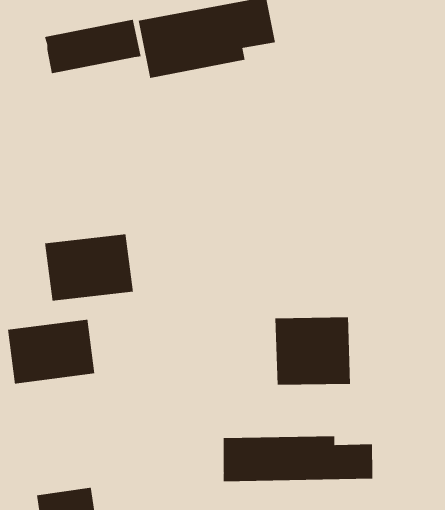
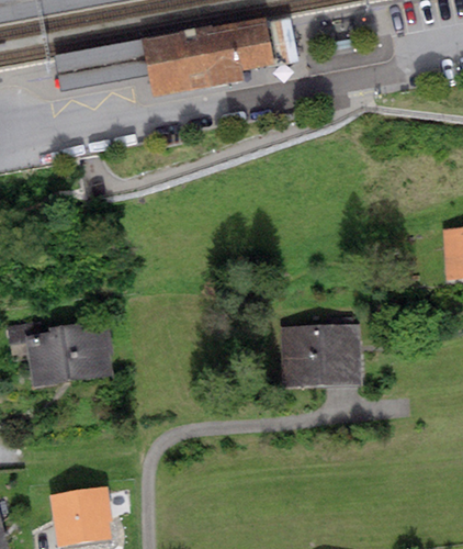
building: [45,234,133,301] -> none
building: [223,436,373,482] -> none

